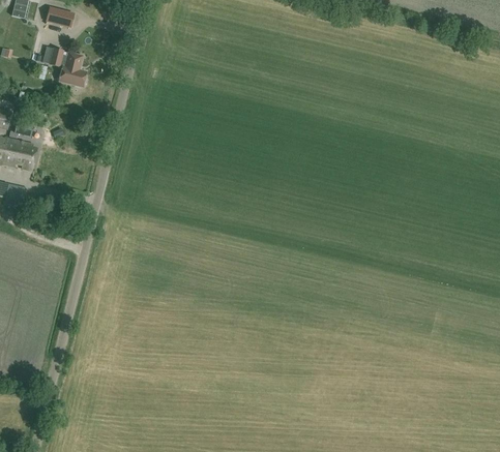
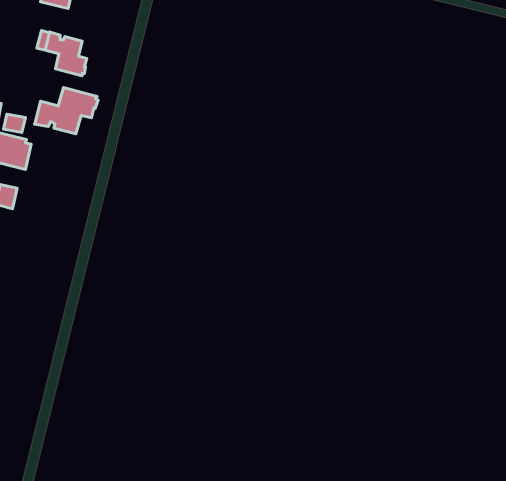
building: none -> [34,88,98,134]

